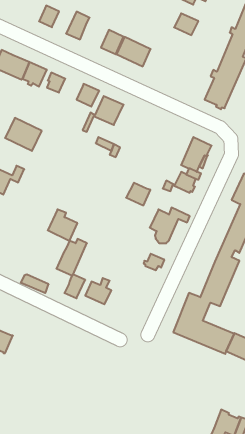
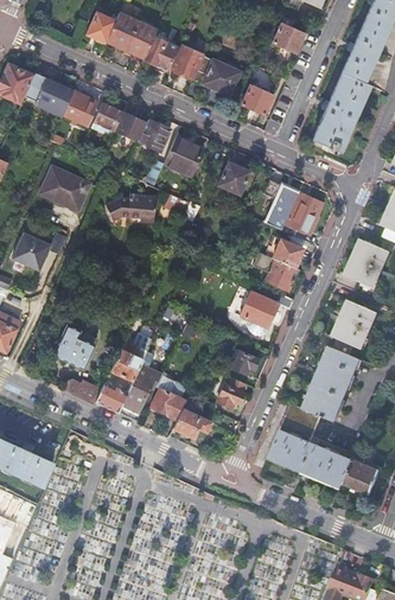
building: none -> [104,12,138,51]
building: none -> [144,30,177,71]
building: none -> [240,85,272,115]
building: none -> [114,113,146,141]
building: none -> [216,162,248,193]
building: none -> [263,185,297,230]
building: none -> [106,192,157,221]
building: [126,183,150,205] -> [263,260,297,291]
building: [48,209,77,241] -> [52,327,93,370]
building: none -> [214,376,243,407]
building: none -> [96,382,127,413]
building: none -> [172,398,209,438]

